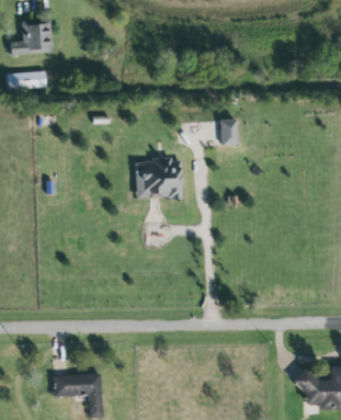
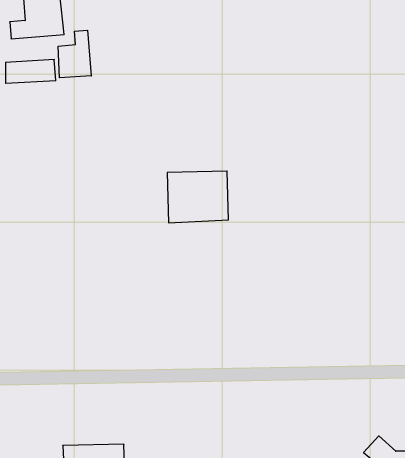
building: none -> [58,30,91,78]
building: [220,118,239,146] -> none

